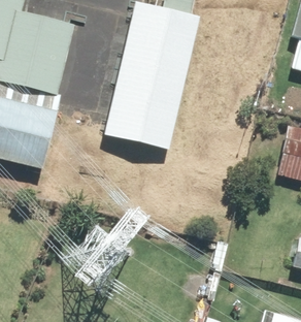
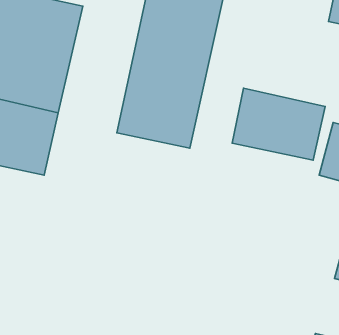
building: none -> [232,88,325,160]

